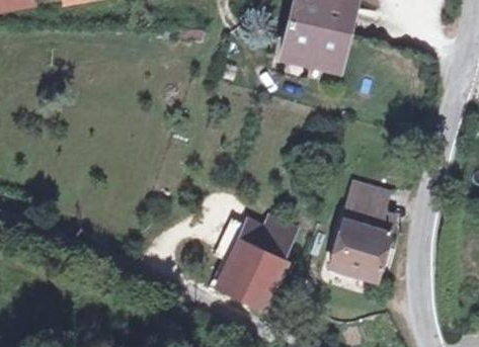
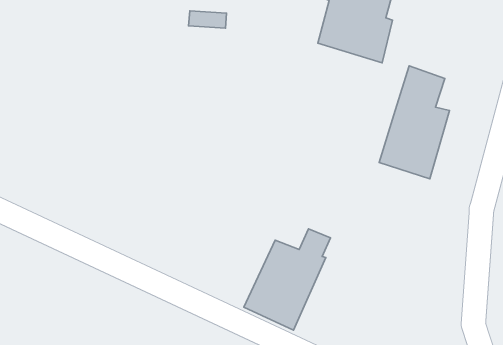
building: [329,184,391,283] -> [379,66,449,179]

